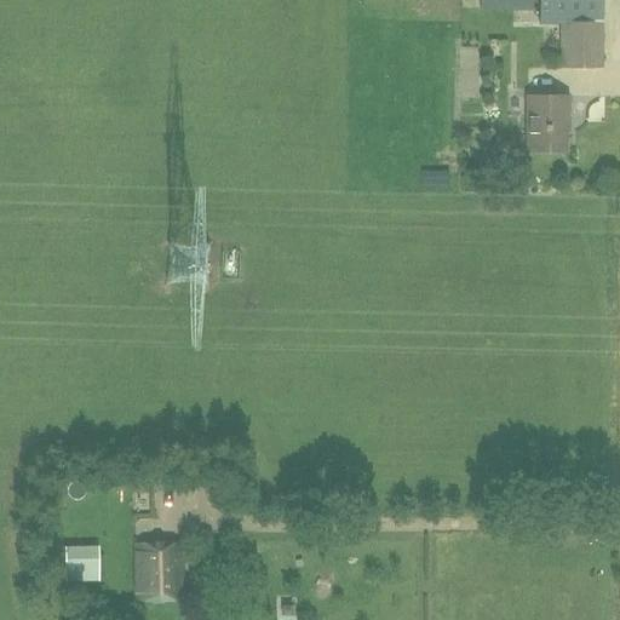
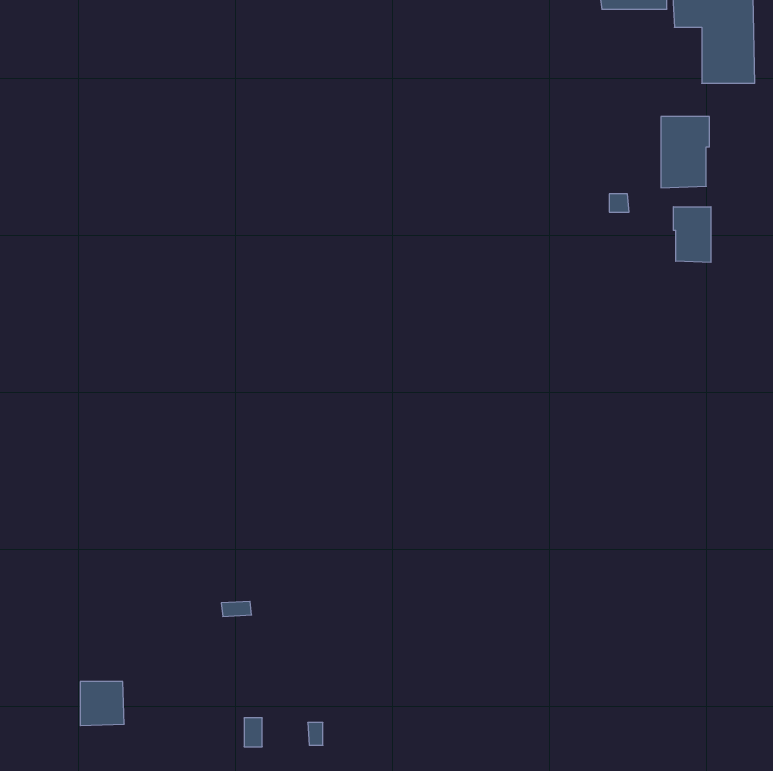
building: none -> [673,207,711,262]
building: [137,541,182,598] -> none

